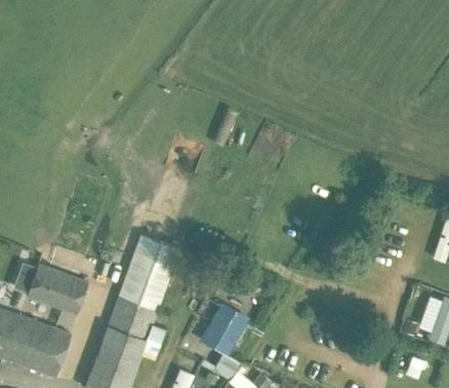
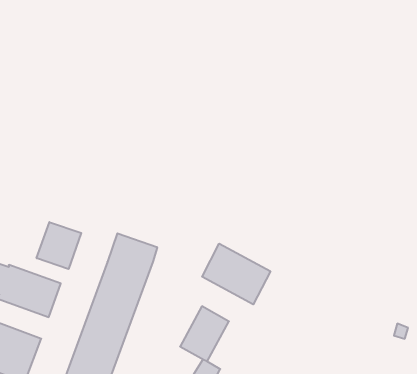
building: none -> [37,222,81,269]
building: none -> [202,244,270,304]

